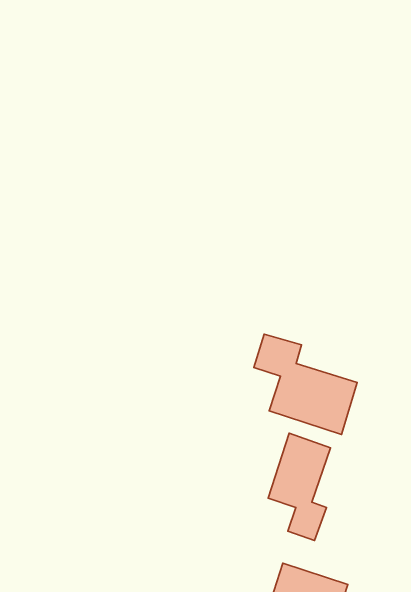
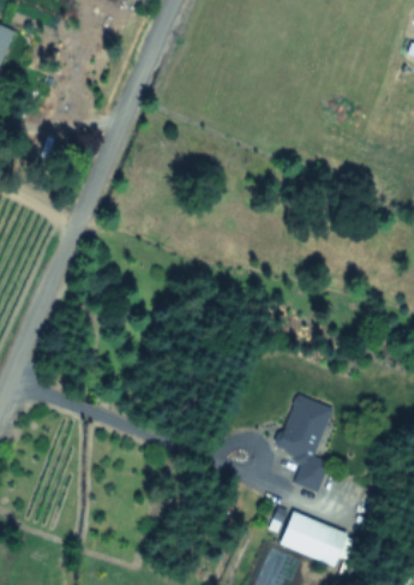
building: [254,334,357,434] -> none

